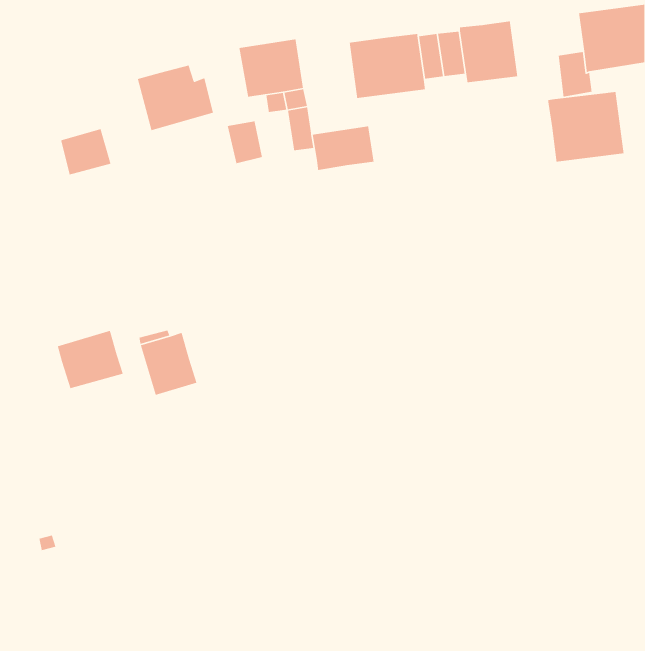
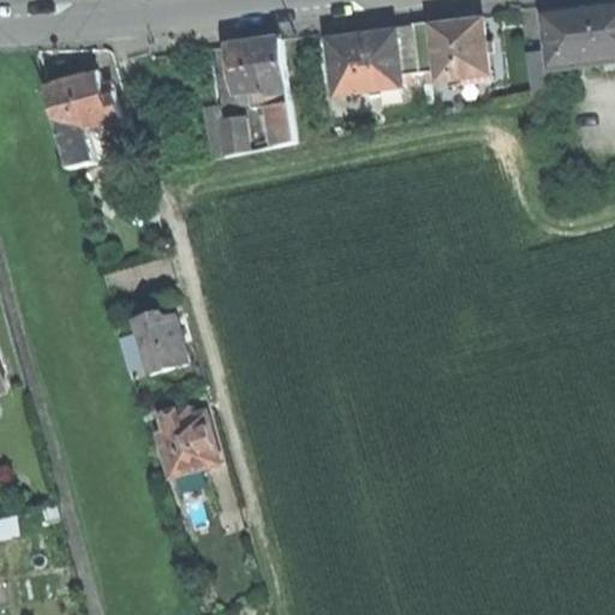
building: [137,64,214,131] -> [43,68,115,131]
building: [547,91,625,162] -> none
building: [312,125,374,171] -> none
building: [57,330,124,389] -> none
building: none -> [154,404,215,479]

